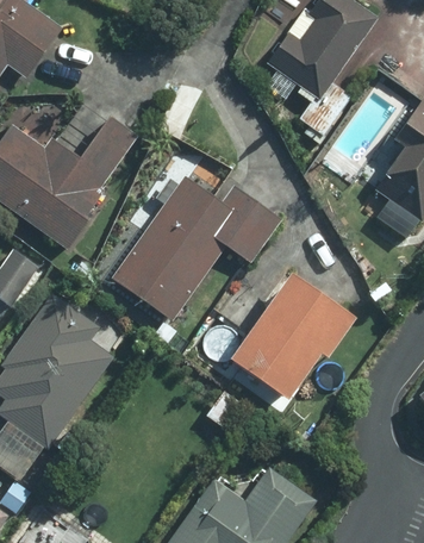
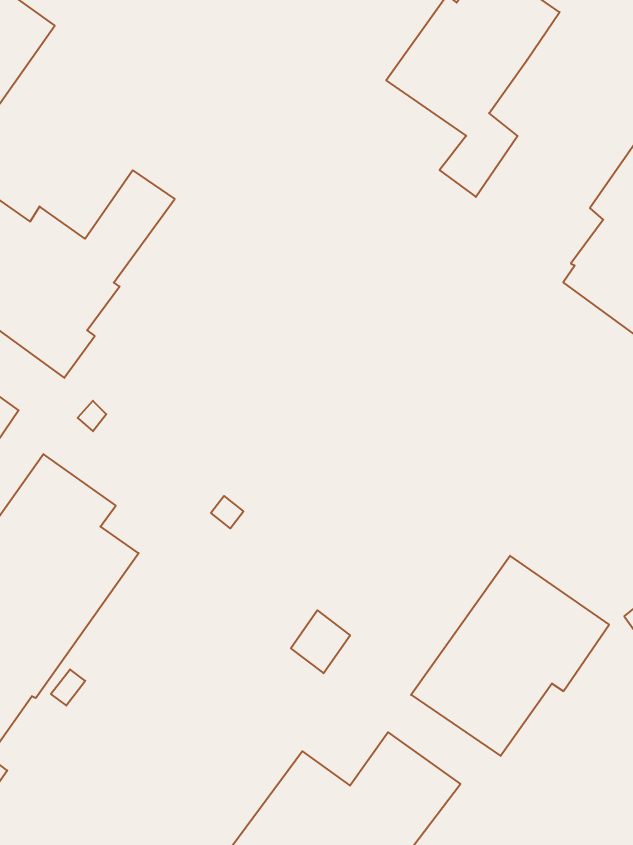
building: [113,177,280,319] -> none
building: [229,275,353,400] -> [411,556,609,756]

